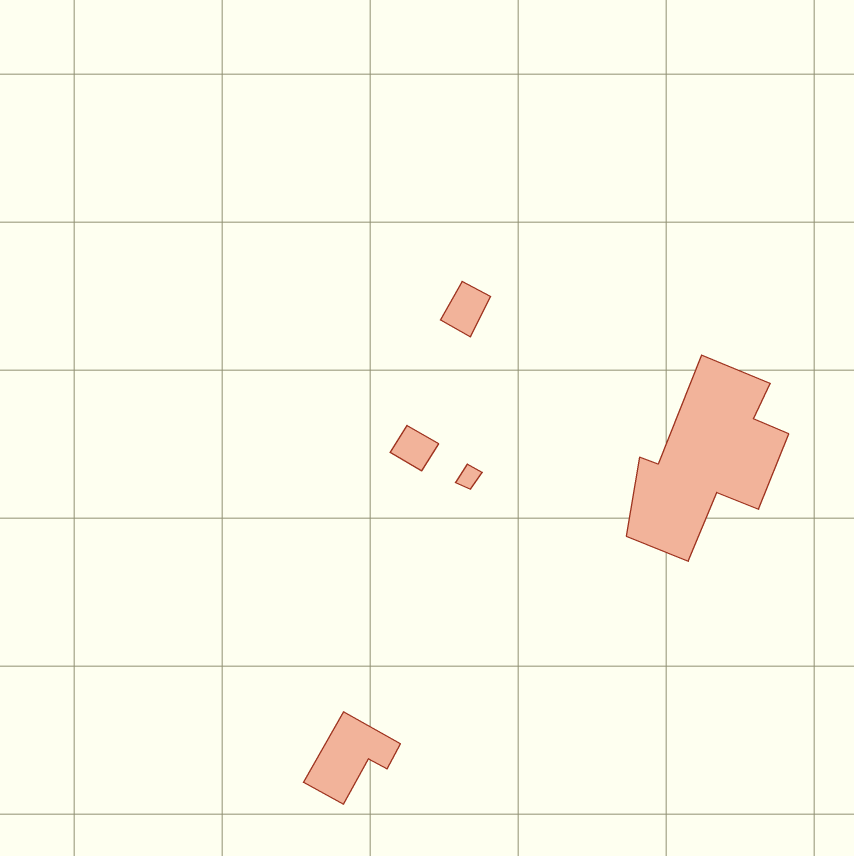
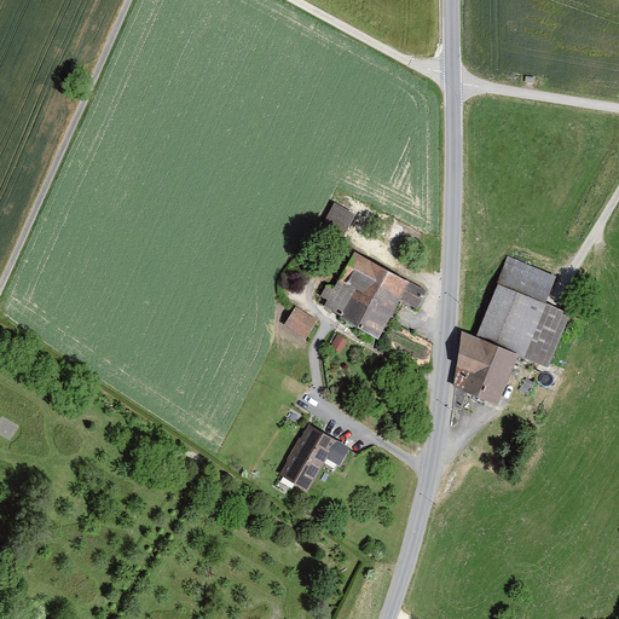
building: none -> [320,250,427,340]
building: [303,712,400,804] -> [279,424,349,491]

